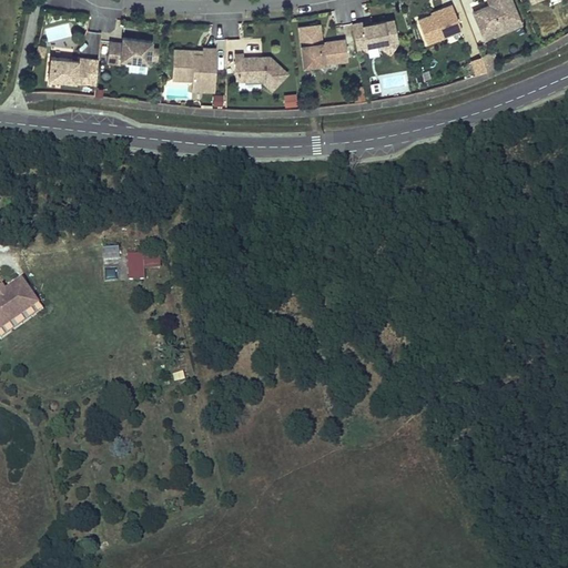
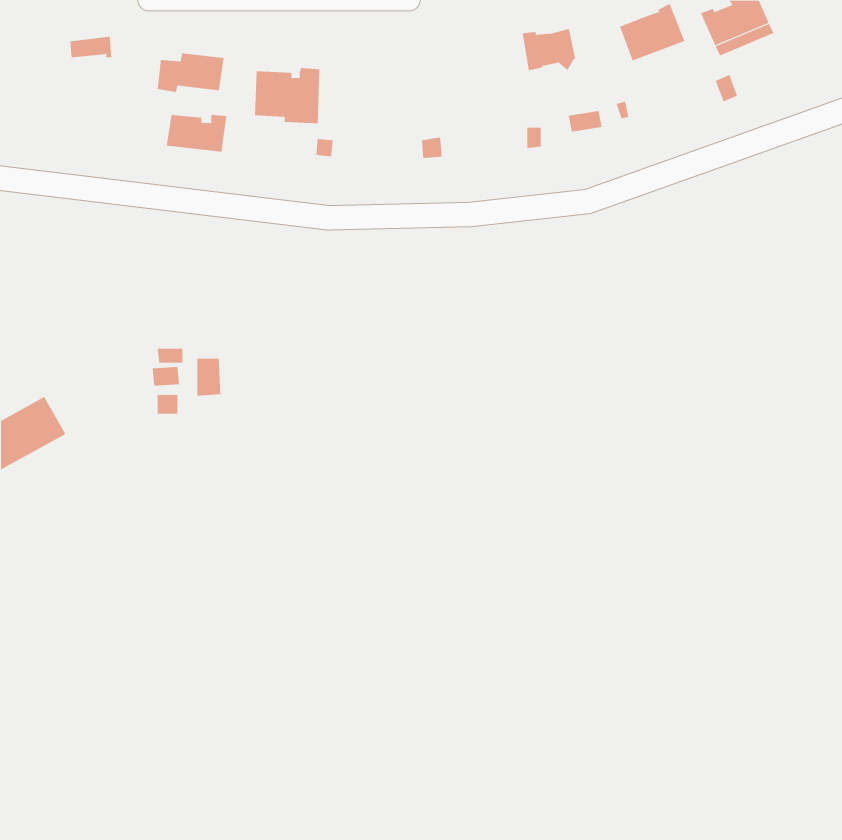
building: [298,24,348,67] -> none
building: [234,54,287,90] -> none
building: [48,59,89,84] -> [166,114,227,152]

